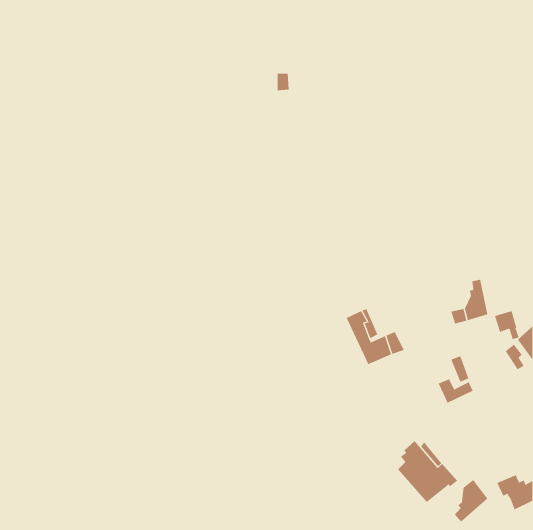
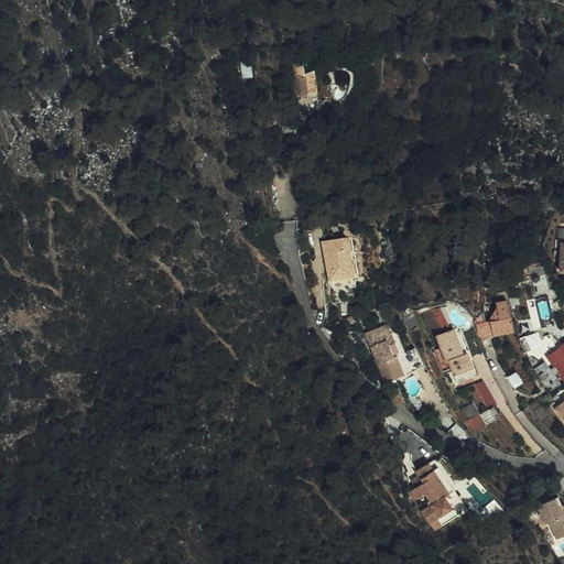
building: none -> [324,235,356,275]
building: none -> [431,328,470,387]
building: [454,479,488,523] -> none

